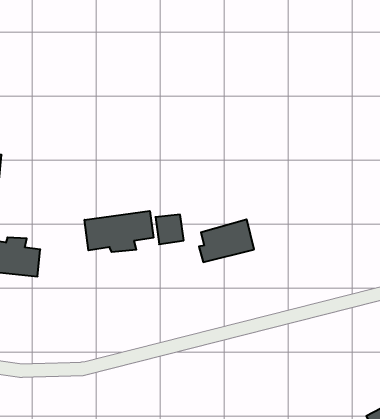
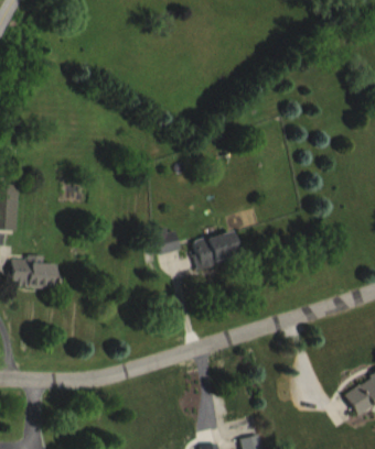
building: [85,211,153,252] -> none

